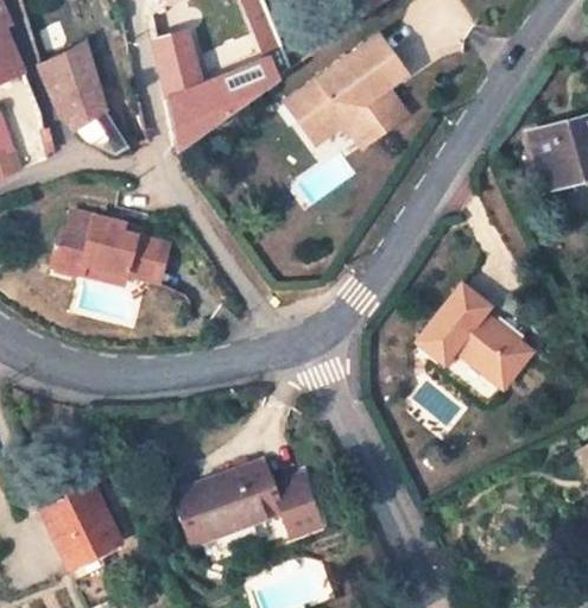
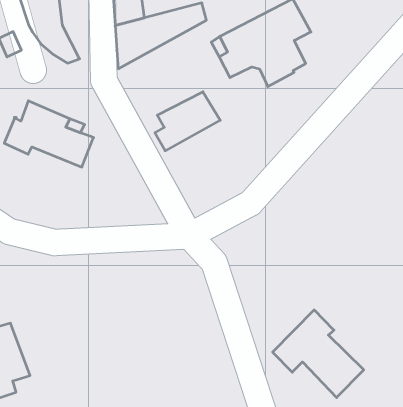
building: none -> [155,92,220,151]
building: [419,284,533,387] -> [273,310,364,398]
building: [175,460,321,544] -> none

